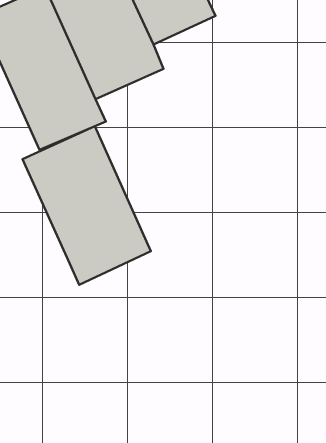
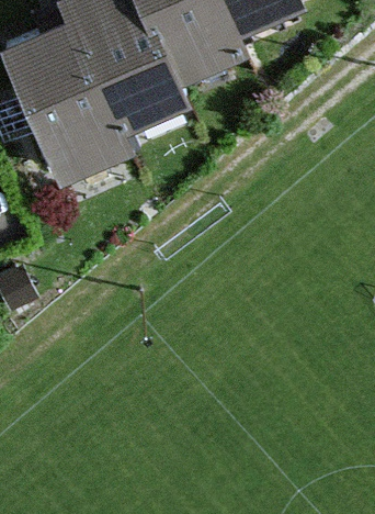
building: [22,126,151,285] -> none

